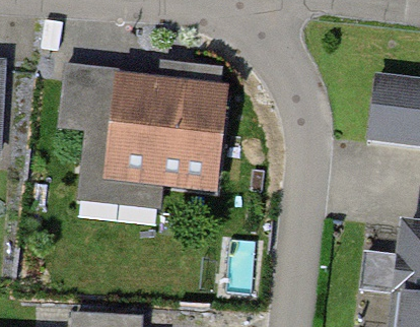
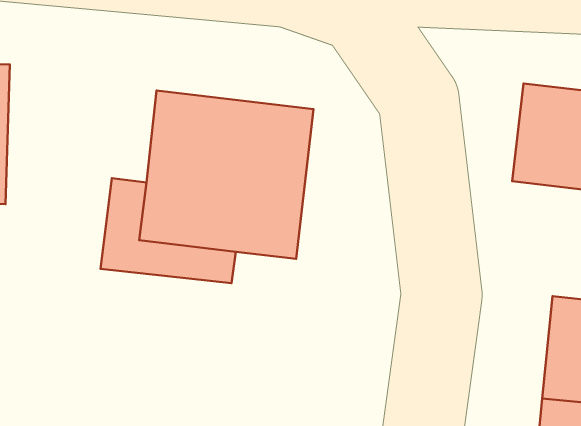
building: [61,62,121,139] -> none

